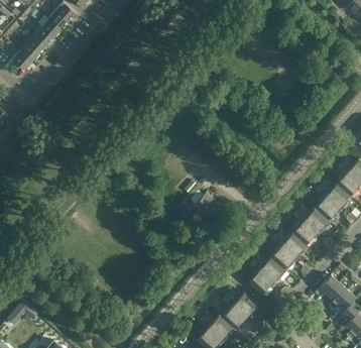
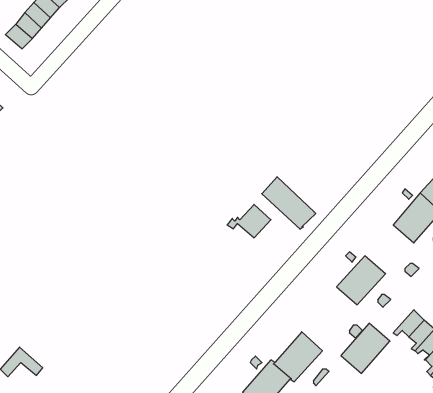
building: none -> [262,177,316,229]
building: [291,208,330,246] -> none
building: [247,256,285,296] -> [341,323,390,373]

